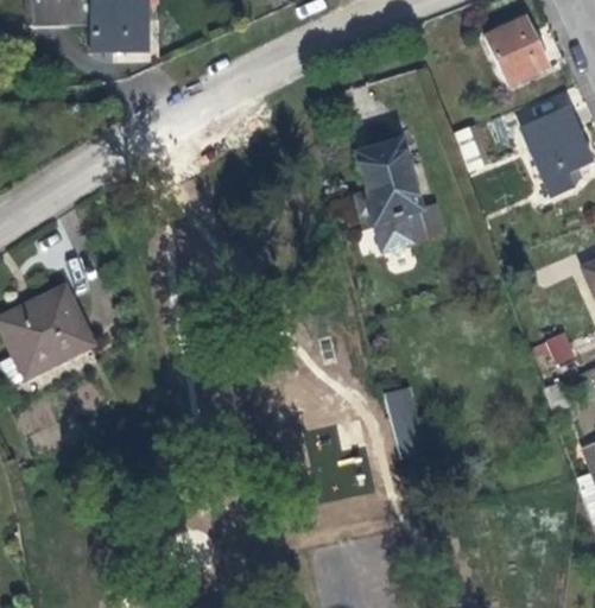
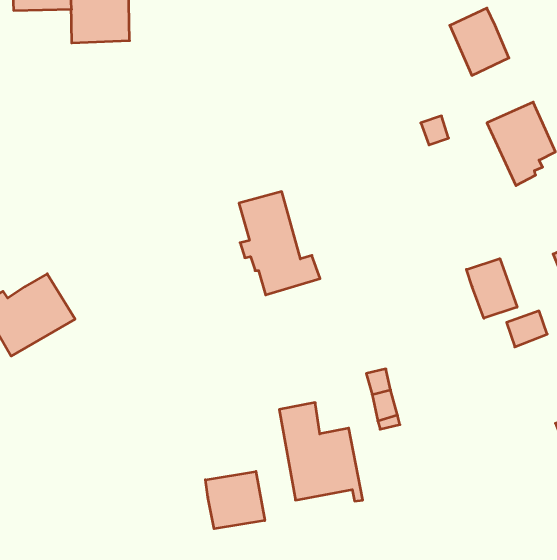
building: [357,141,441,247] -> [239,192,320,295]
building: none -> [466,259,517,318]
building: none -> [205,471,265,529]

